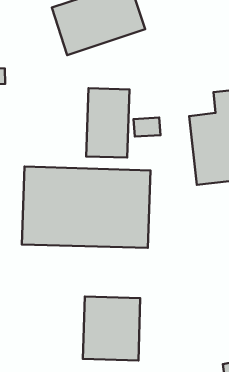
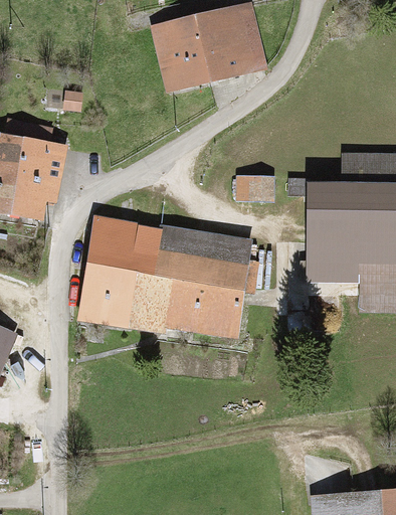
building: [86,88,129,158] -> none
building: [83,297,140,360] -> none

